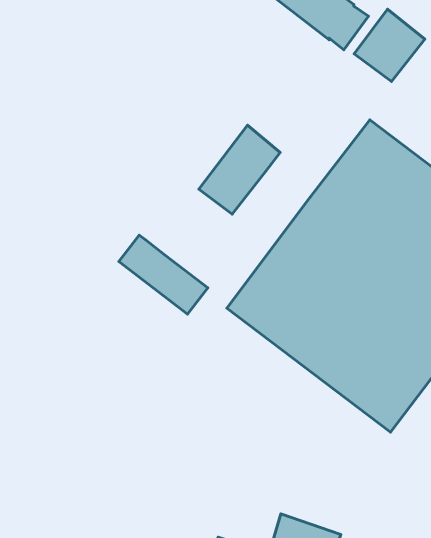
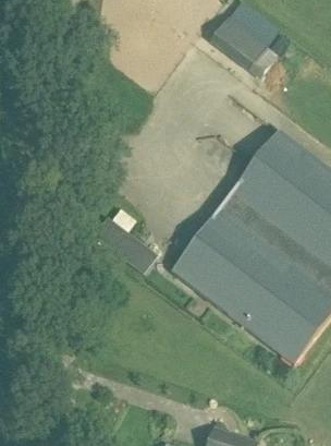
building: [354,9,425,82] -> none
building: [199,125,280,214] -> none

